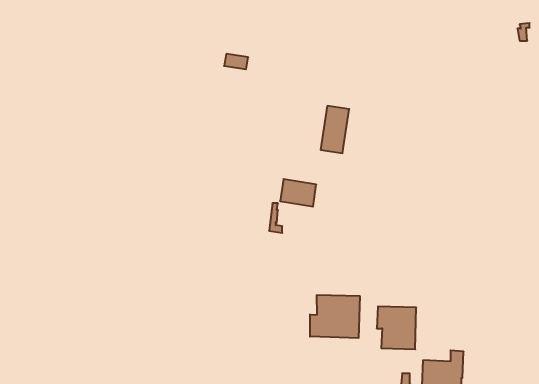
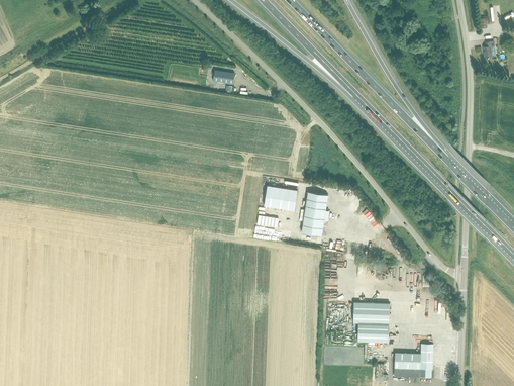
building: [321,106,349,153] -> [301,192,327,235]
building: [310,295,360,338] -> none

